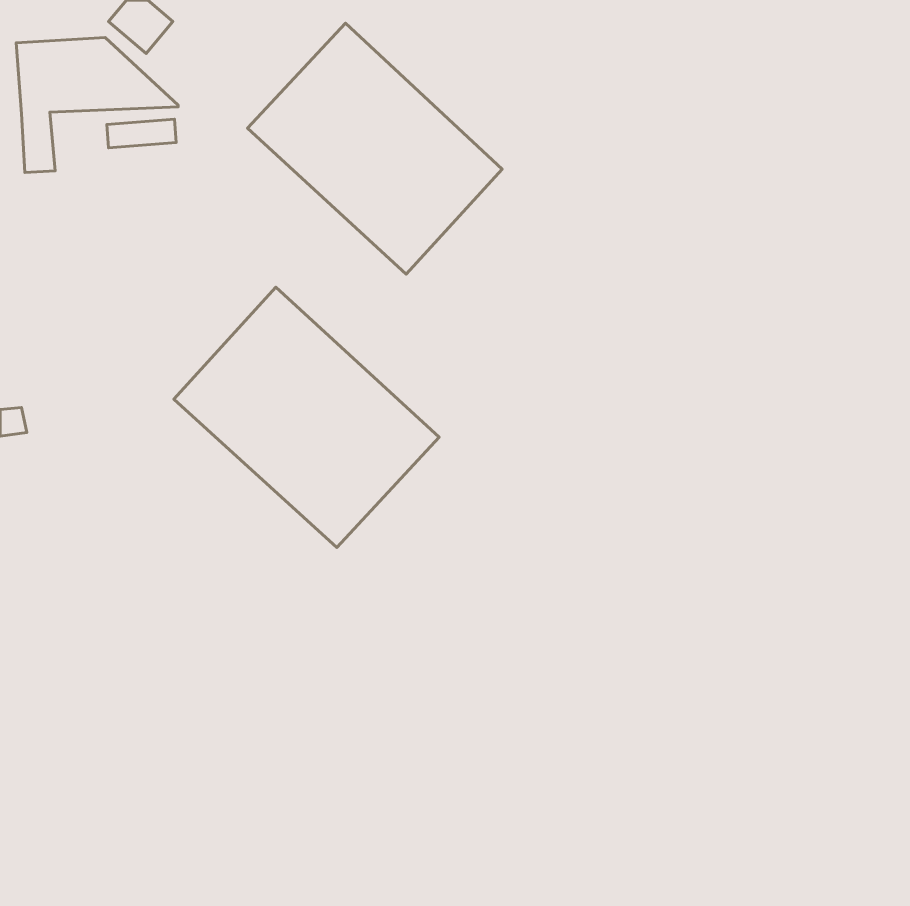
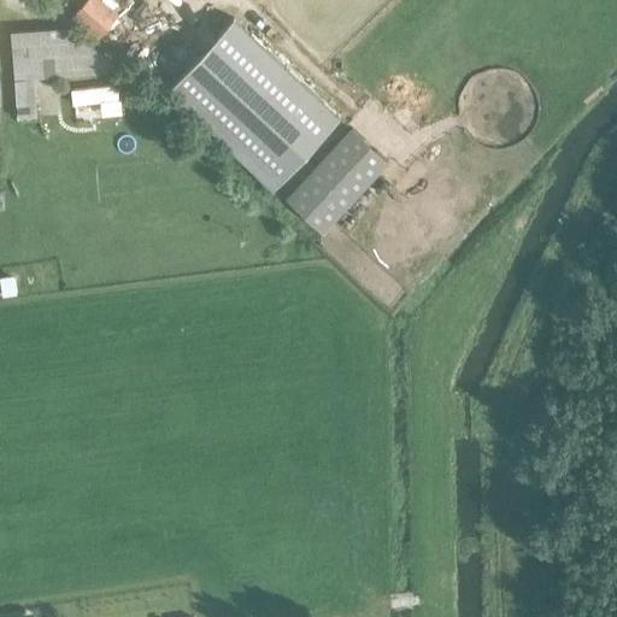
building: none -> [287,134,389,237]
building: [174,287,439,547] -> none

